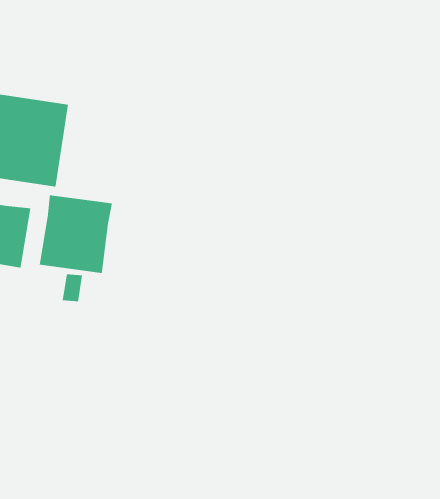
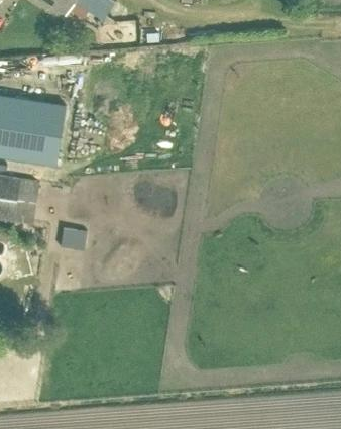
building: [39,194,113,274] -> none

